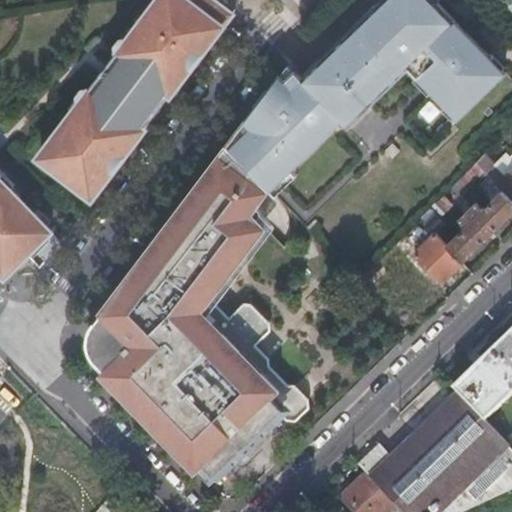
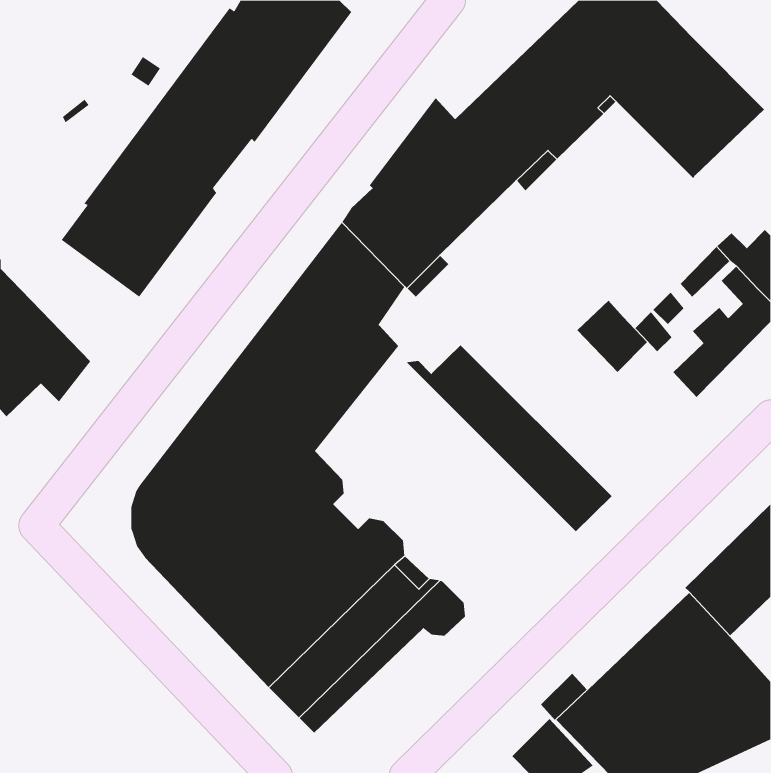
building: none -> [406,345,613,532]
building: [412,236,459,284] -> [576,300,648,373]
building: [220,303,267,350] -> none

